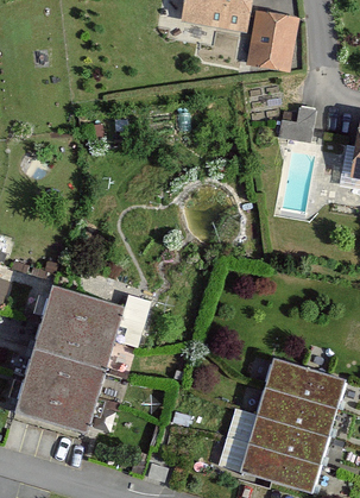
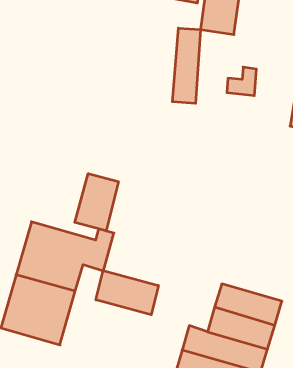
building: none -> [172,28,201,103]
building: none -> [75,174,118,231]
building: none -> [96,271,158,315]

